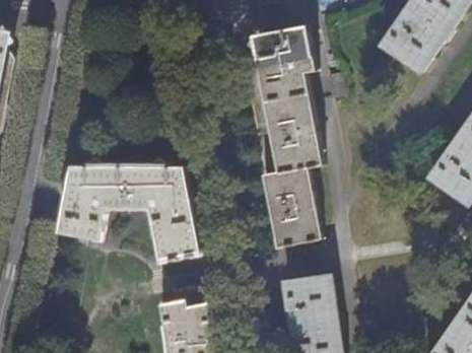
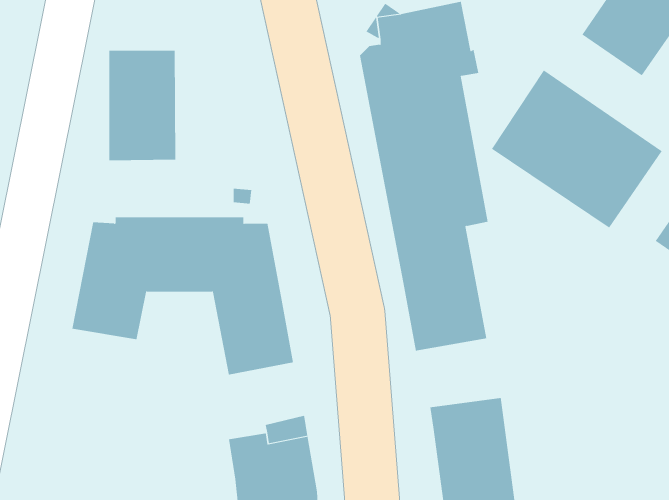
building: none -> [109,50,176,161]
building: none -> [491,70,663,229]

